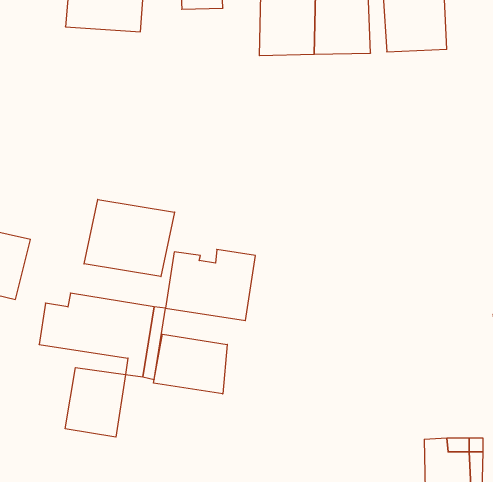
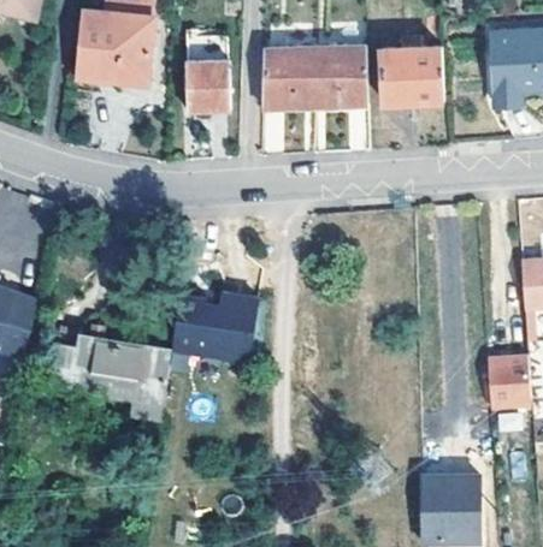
building: none -> [187,61,228,109]
building: [84,199,175,277] -> none
building: [154,334,227,394] -> none
building: [65,368,125,437] -> none

